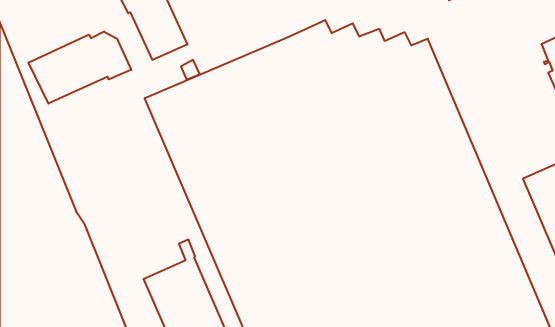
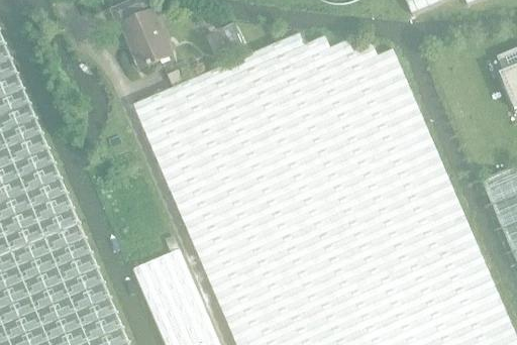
building: [29,31,131,104] -> none

